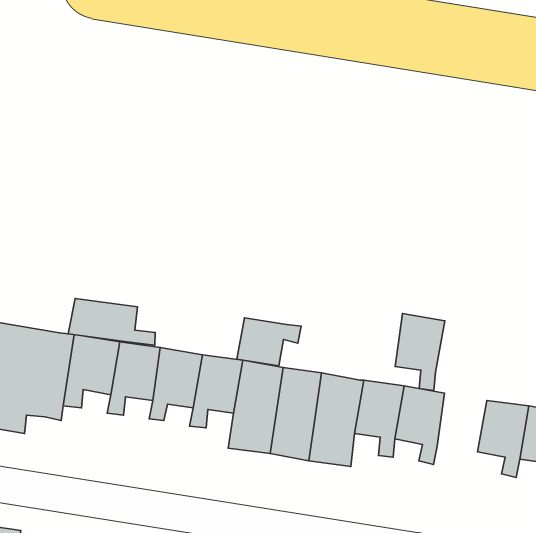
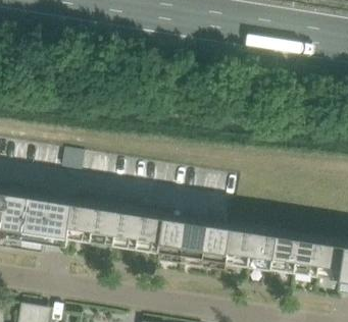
building: [68,298,155,345] -> none
building: [395,313,445,390] -> [271,231,299,274]
building: [237,318,301,366] -> none

